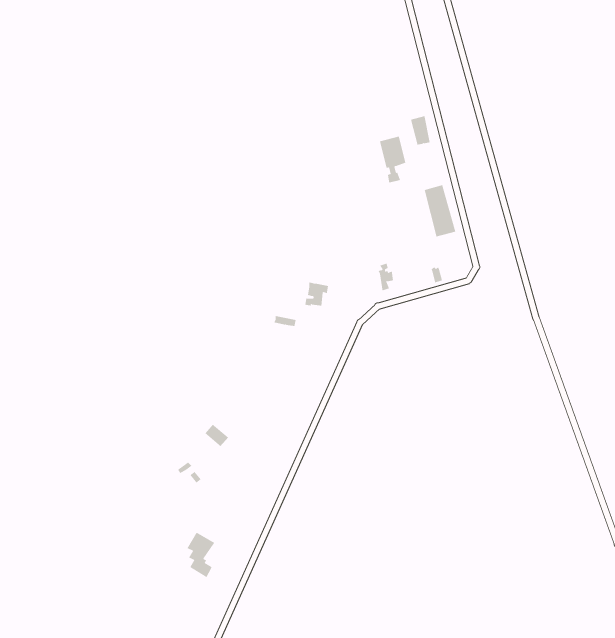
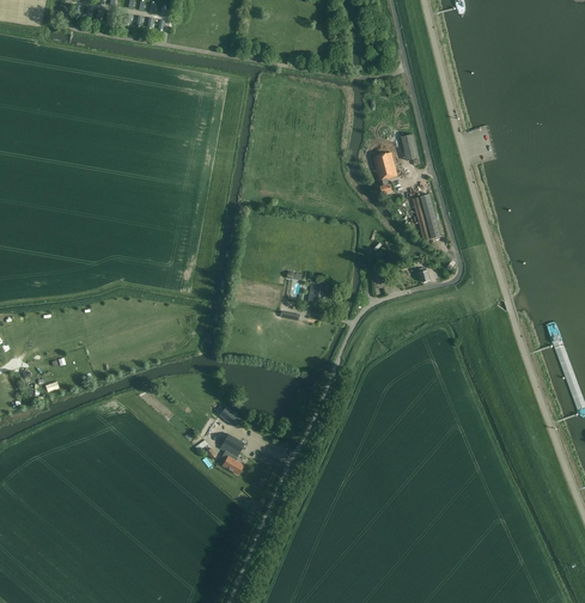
building: [187,532,215,578] -> [219,432,244,473]

